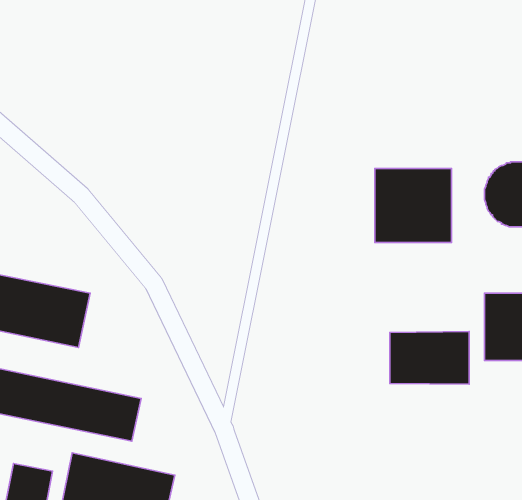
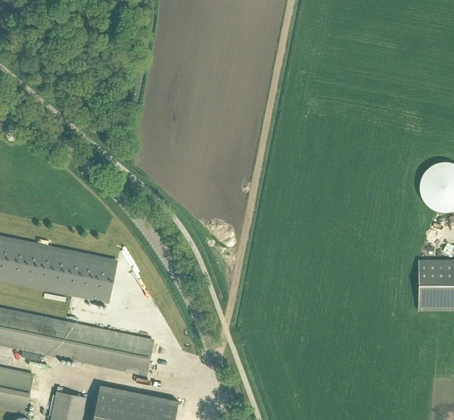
building: [375,168,452,243] -> none
building: [390,331,469,384] -> none

